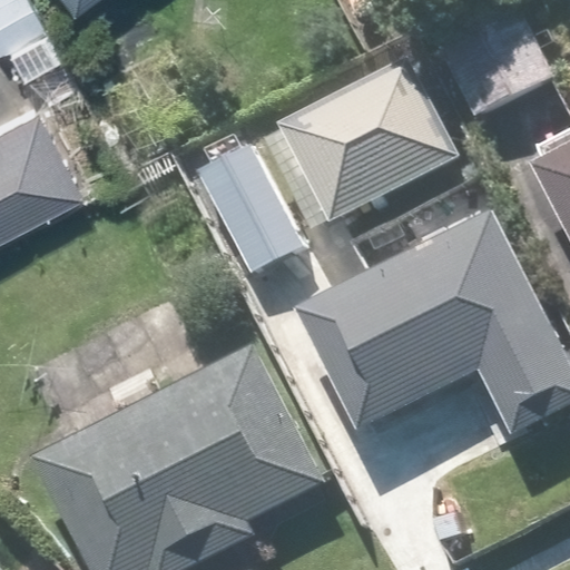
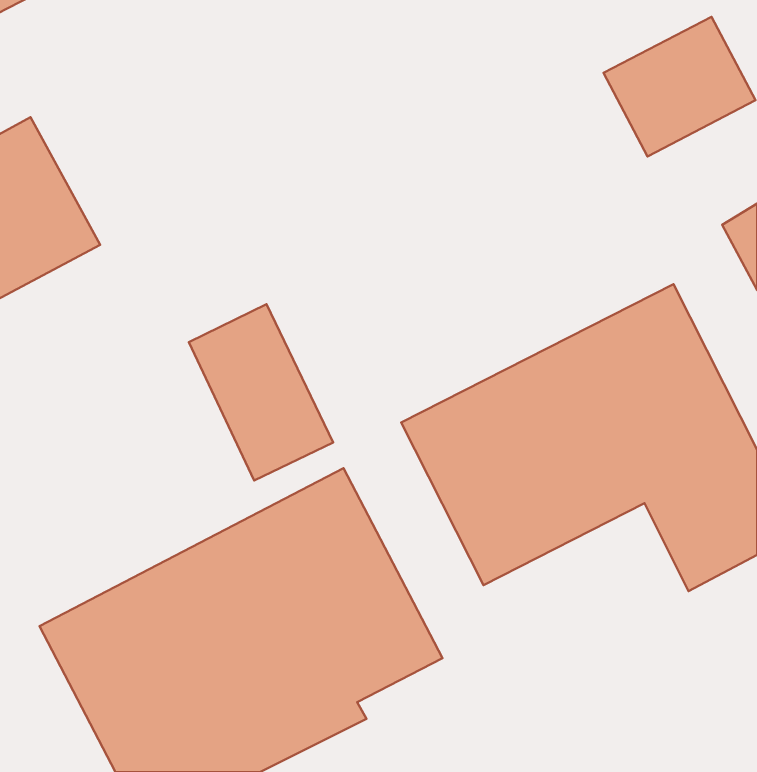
building: [283,59,458,219] -> none
building: [195,144,301,273] -> [189,304,333,480]

